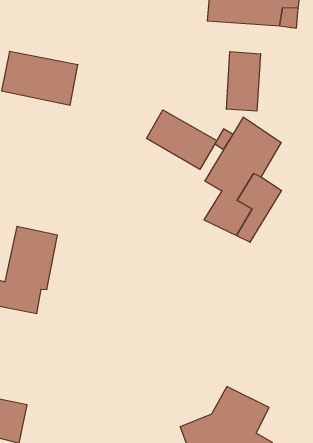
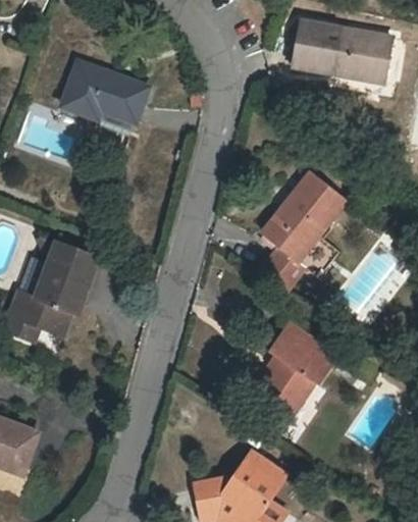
building: [227,52,261,111] -> none
building: [147,110,217,169] -> none
building: none -> [248,317,332,410]

